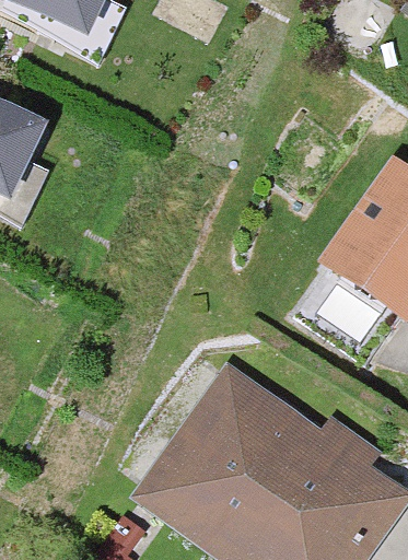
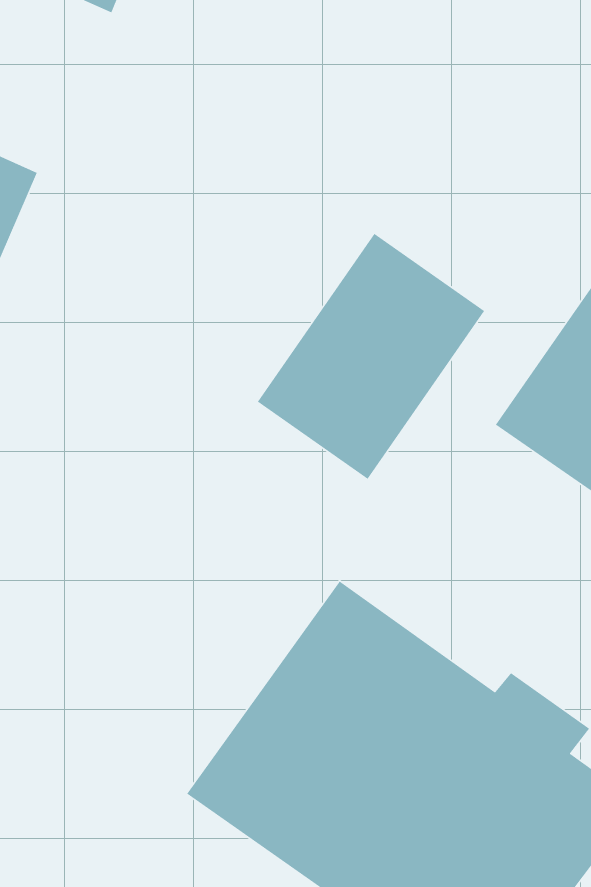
building: none -> [257,233,485,480]

